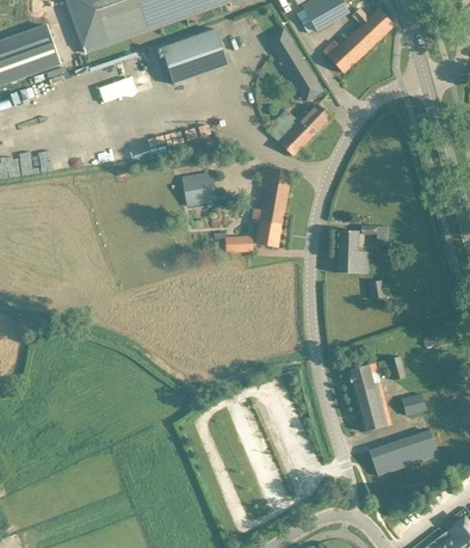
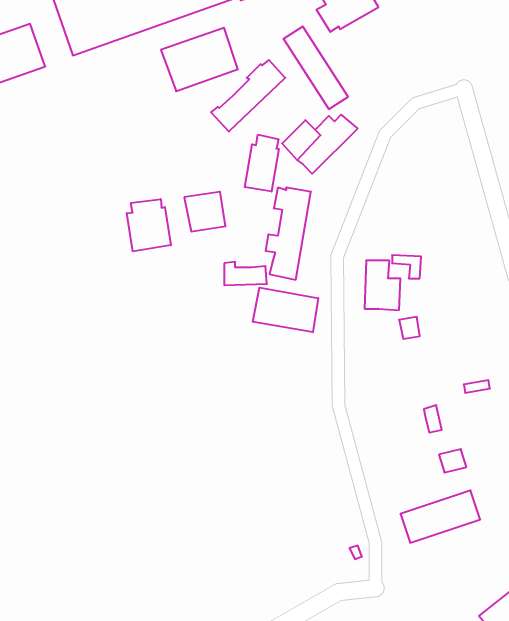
building: [328,10,392,72] -> [211,60,285,132]
building: none -> [245,135,279,192]
building: none -> [127,199,171,251]
building: none -> [253,288,318,332]
building: [348,363,391,431] -> none

